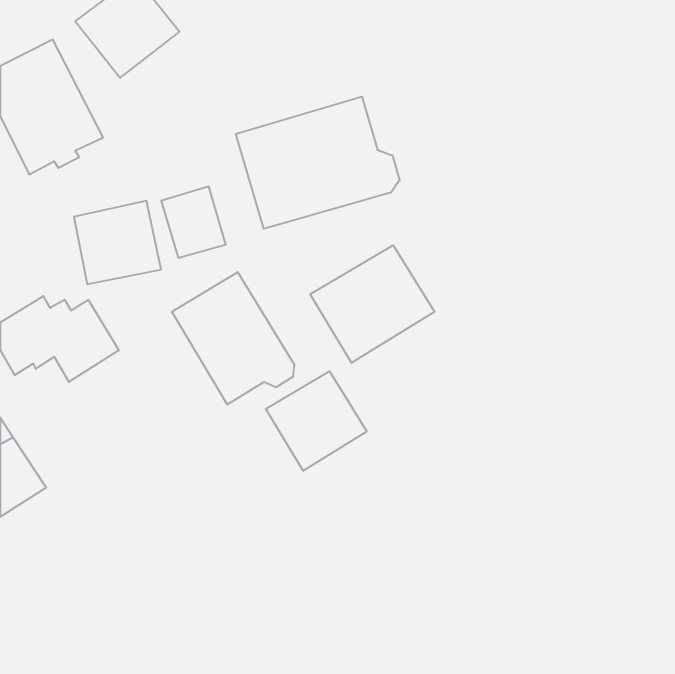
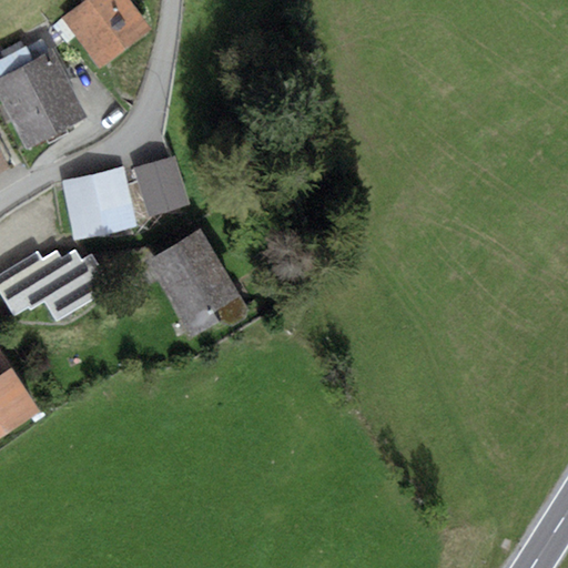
building: [236,97,400,229] -> none
building: [310,245,434,363] -> none
building: [266,371,367,471] -> none

